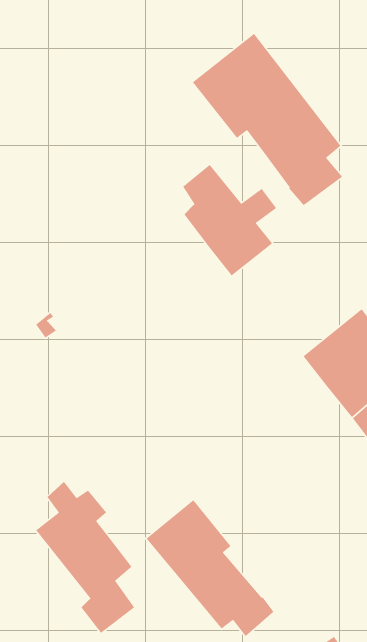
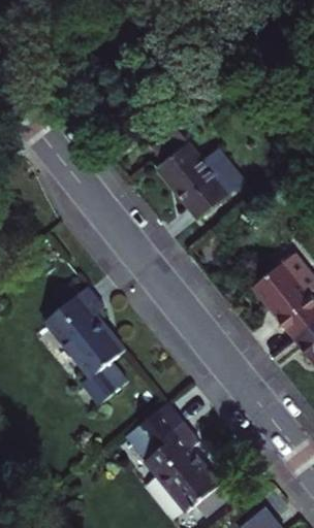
building: [192,33,343,206] -> none
building: [35,481,135,634] -> [49,283,130,407]

